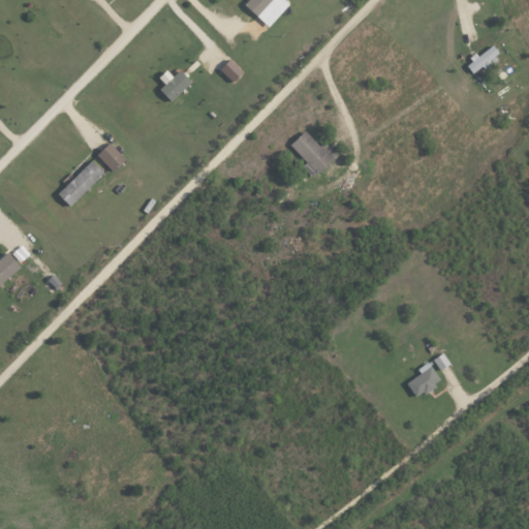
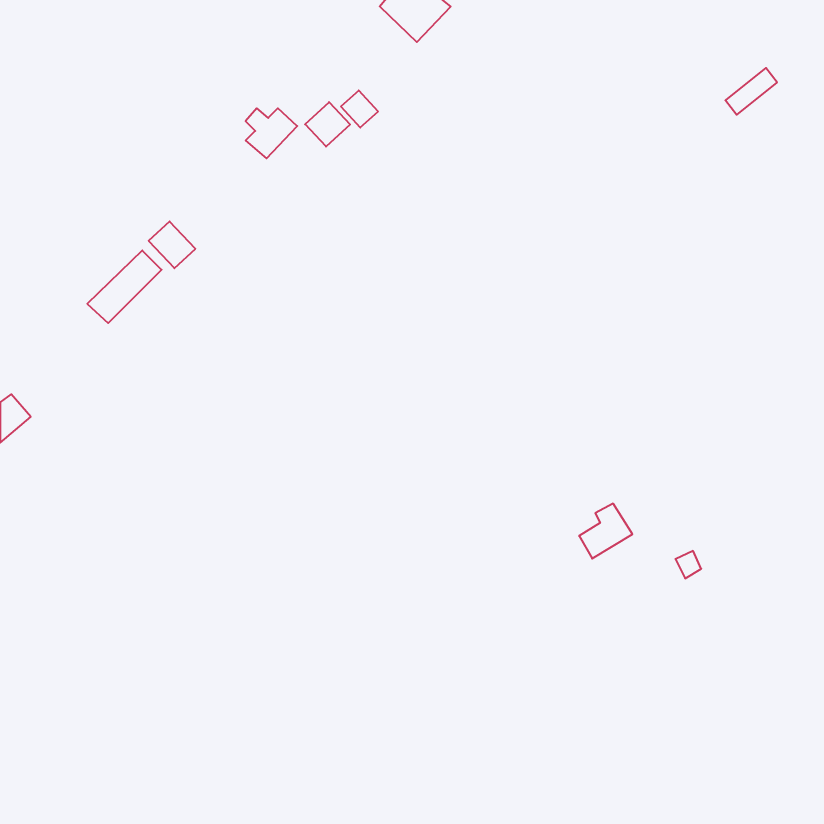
building: none -> [305,102,350,147]
building: [289,130,337,173] -> none
building: [407,362,441,397] -> [579,504,632,559]

